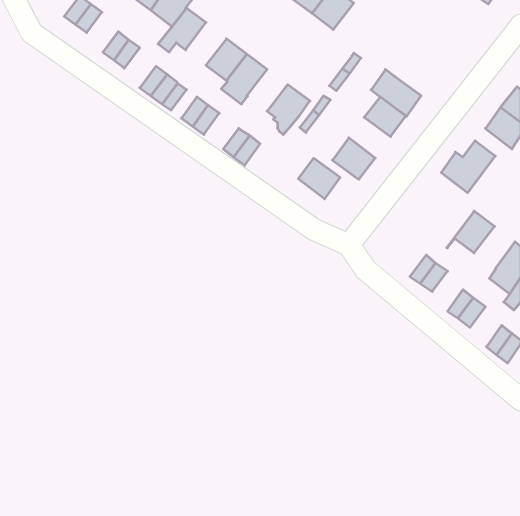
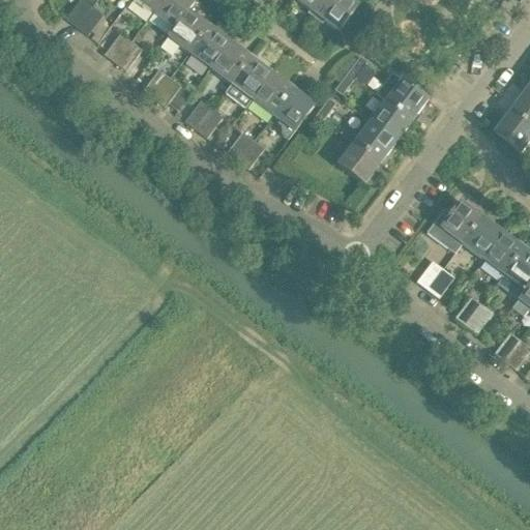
building: none -> [189,23,231,66]
building: none -> [252,70,293,113]
building: [441,141,495,193] -> [428,199,482,252]
building: [298,158,340,199] -> [355,119,398,160]
building: none -> [482,230,524,272]

